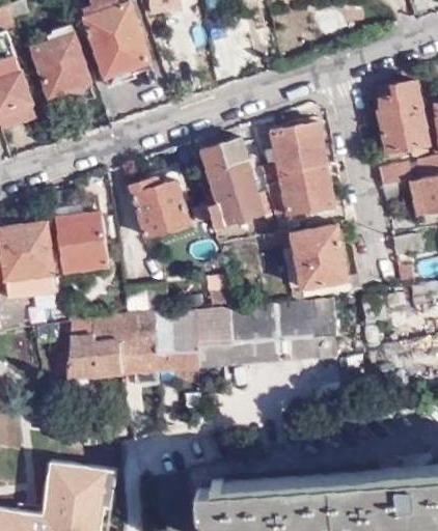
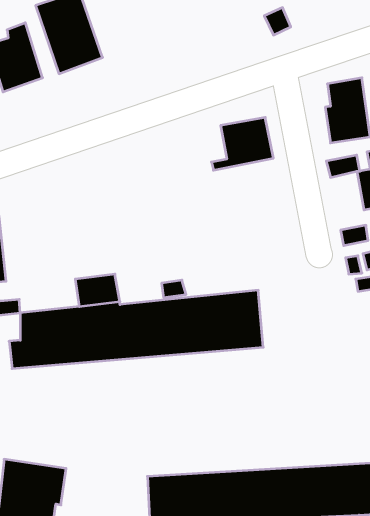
building: [203,140,271,228] -> none
building: [264,165,333,215] -> none
building: [129,171,190,240] -> none
building: [55,214,107,271] -> none
building: [262,221,360,296] -> none

